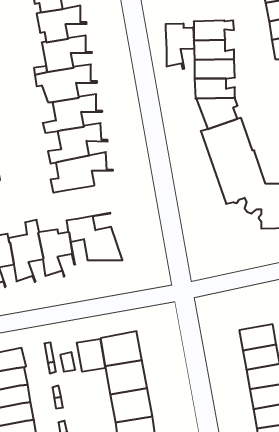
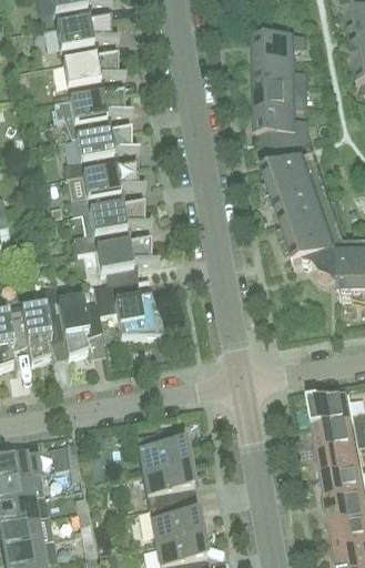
building: [166,23,194,69] -> none
building: none -> [95,239,159,285]
building: none -> [307,393,354,426]
building: [77,339,105,372] -> none

